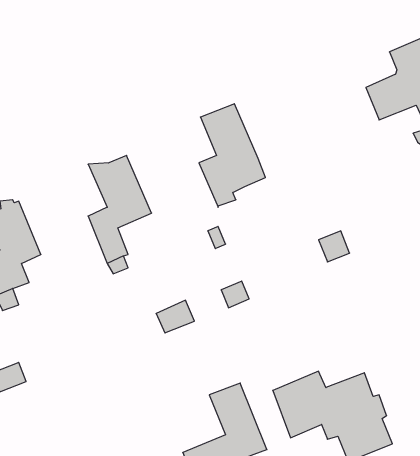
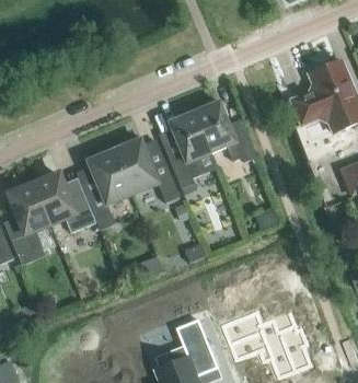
building: none -> [194,101,256,161]
building: none -> [114,135,180,202]
building: none -> [34,173,95,232]

